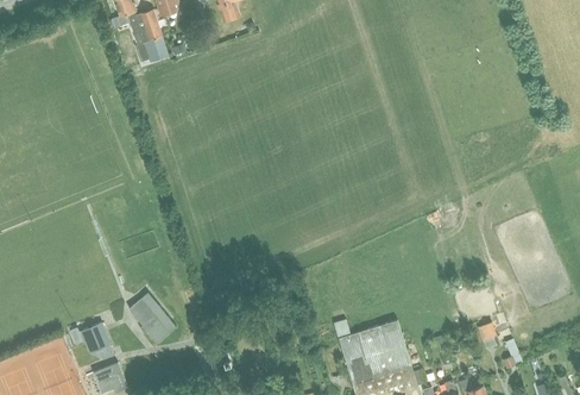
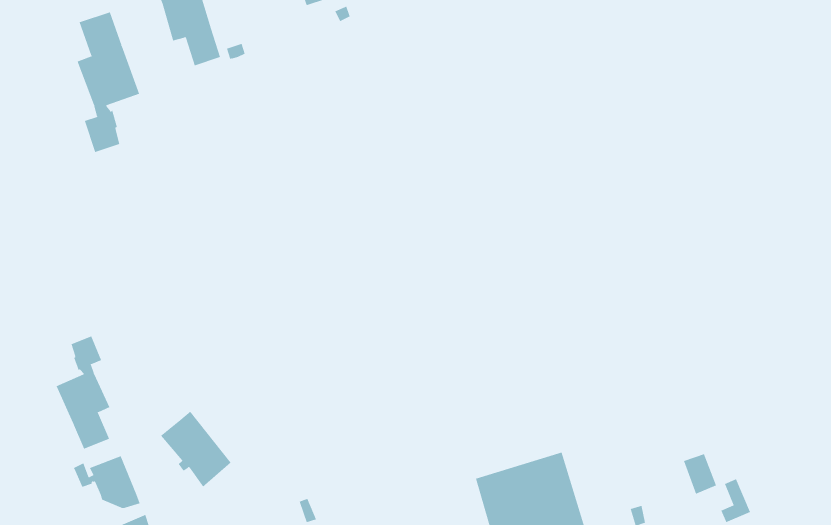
building: none -> [77,12,140,153]
building: none -> [56,335,110,450]

